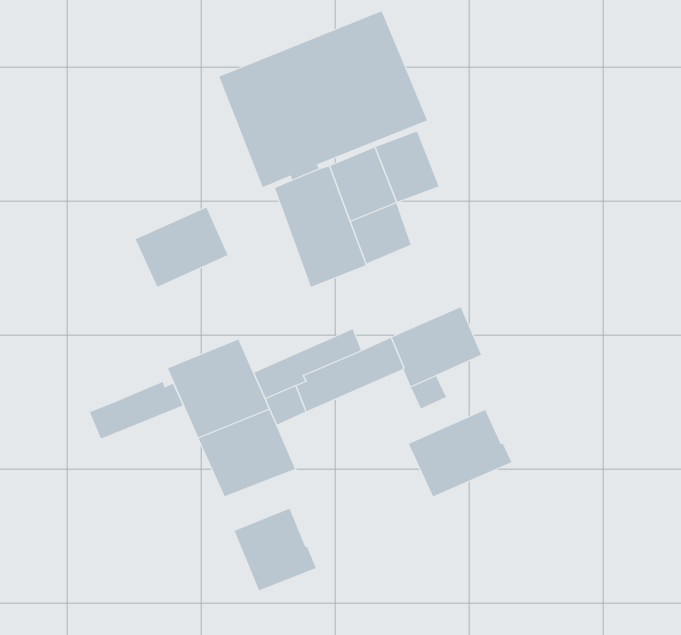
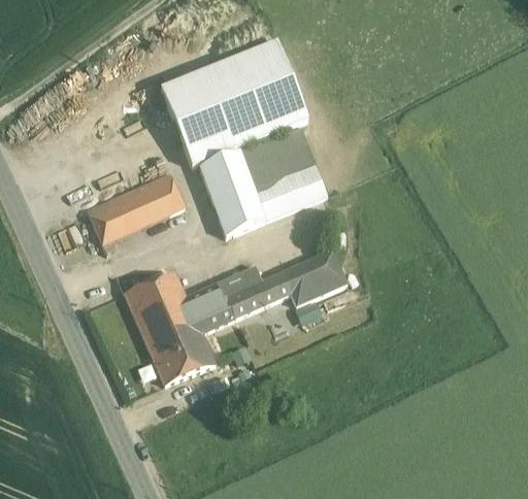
building: none -> [287,165,327,206]
building: none -> [153,172,185,213]
building: none -> [87,202,118,243]
building: [89,381,184,439] -> none
building: [408,409,512,497] -> none
building: [234,508,317,591] -> none

